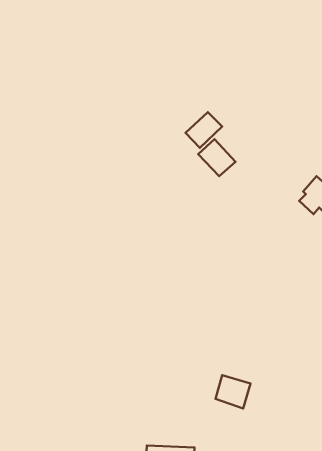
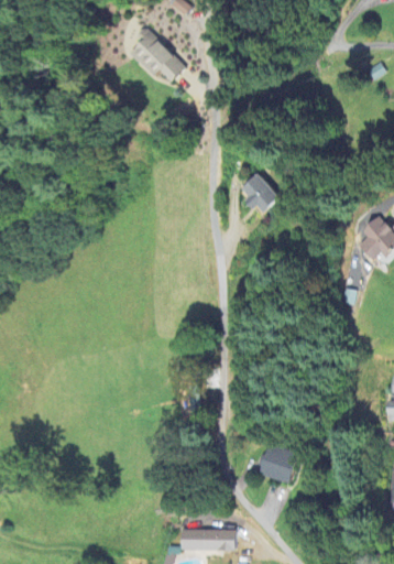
building: none -> [132,26,186,83]
building: [186,112,222,148] -> none

